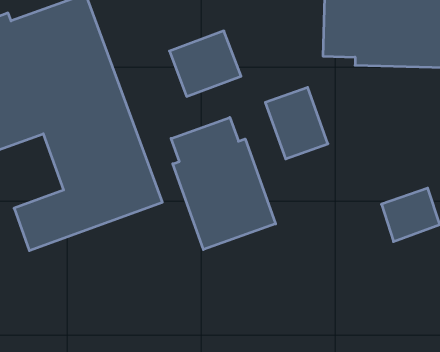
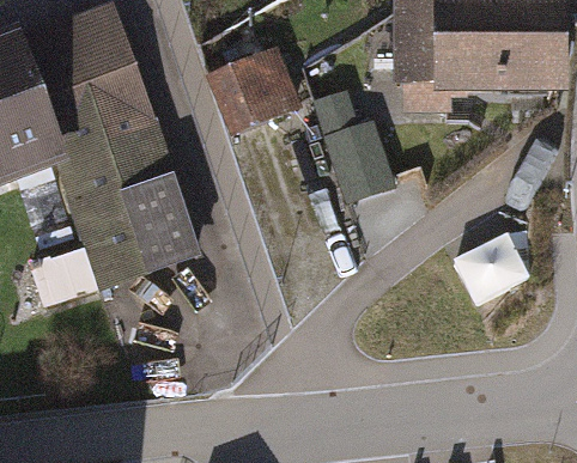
building: [171,117,276,250] -> none

